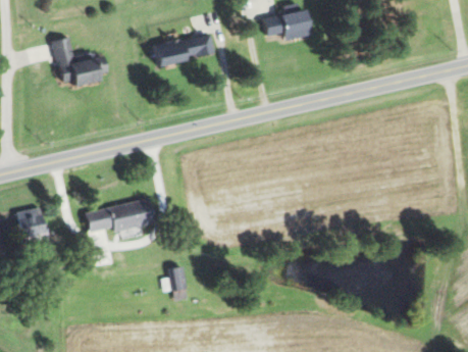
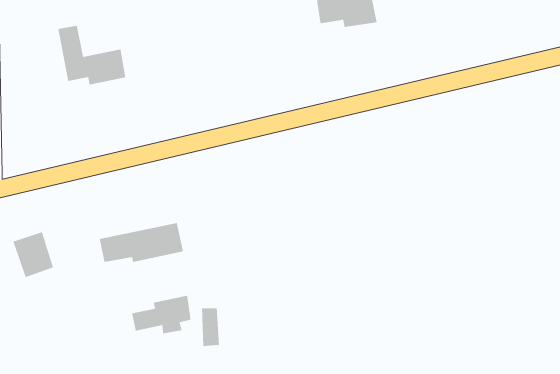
building: [152,32,214,68] -> none
building: none -> [131,295,191,334]

